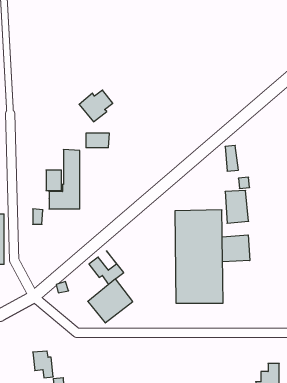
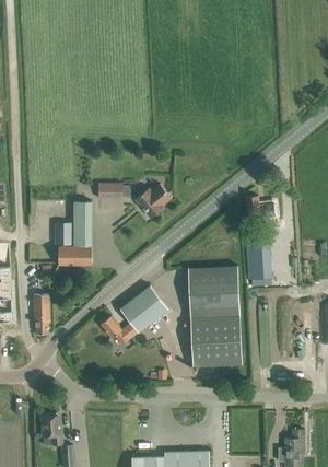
building: [79,90,113,122] -> [134,185,171,219]
building: [222,235,250,262] -> none
building: none -> [33,295,49,335]
building: [88,279,133,323] -> [119,285,167,332]

